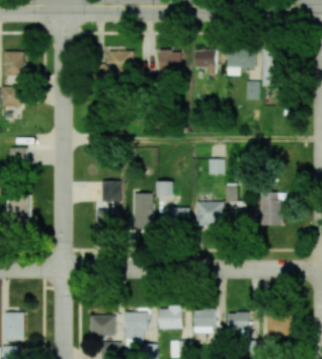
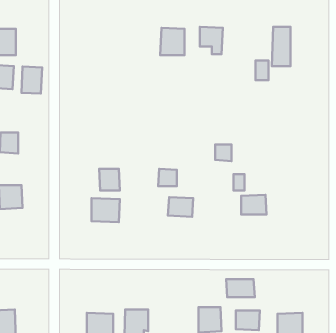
building: [226,47,255,75] -> none
building: [100,50,132,78] -> none
building: none -> [21,66,42,94]
building: [260,192,283,224] -> none
building: [134,193,153,225] -> none
building: [196,201,223,226] -> none
building: none -> [226,279,255,297]
building: [158,306,182,329] -> none

